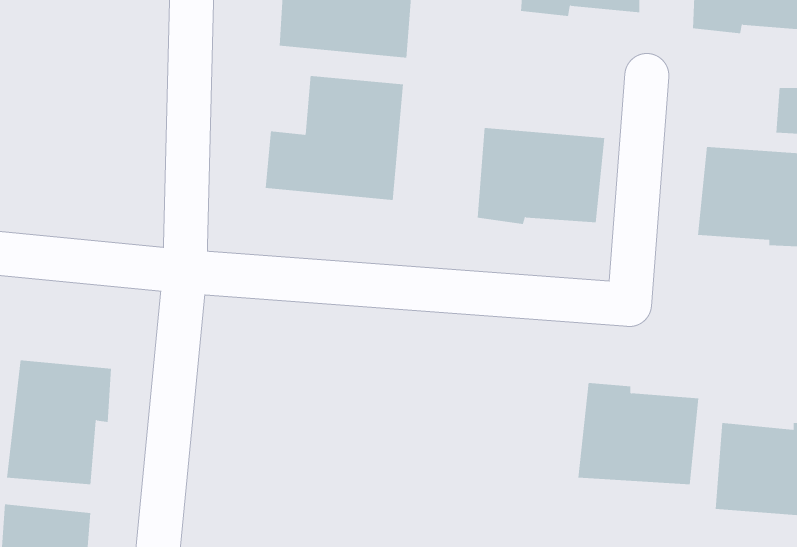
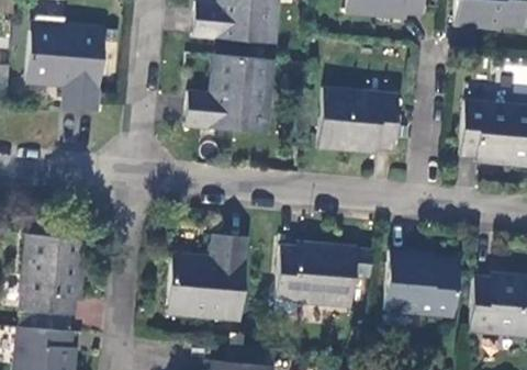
building: none -> [26,24,104,113]
building: none -> [166,236,249,323]
building: none -> [277,247,359,306]

